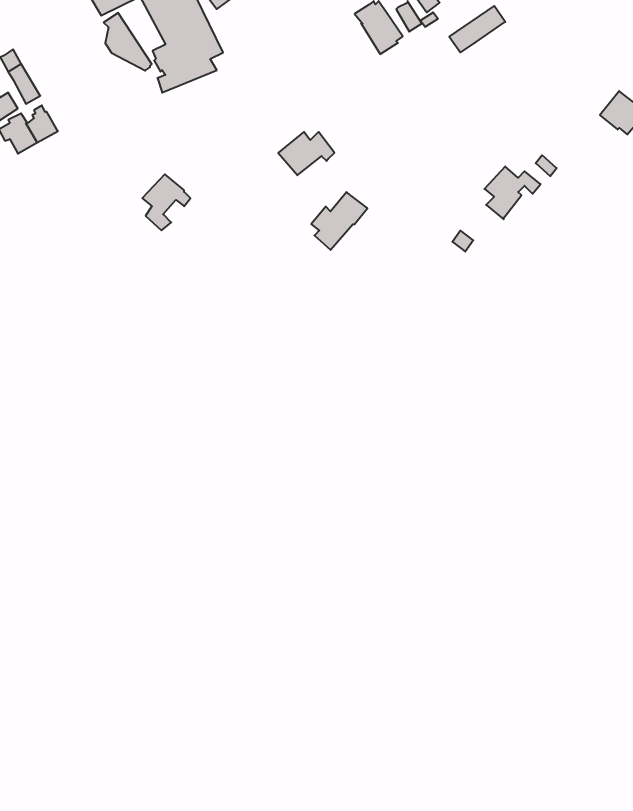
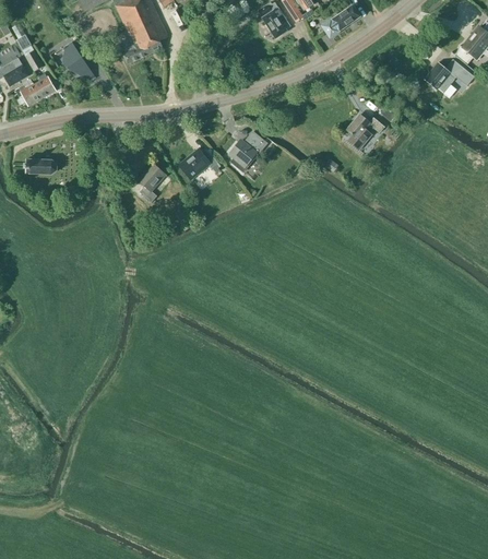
building: [104,13,152,71] -> [62,41,95,81]
building: [278,132,334,175] -> [179,147,217,177]
building: [142,174,190,230] -> [138,163,170,201]
building: none -> [25,158,57,174]

